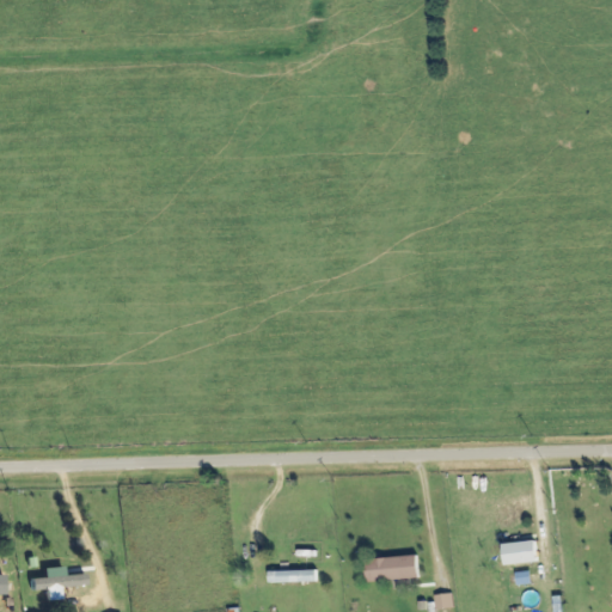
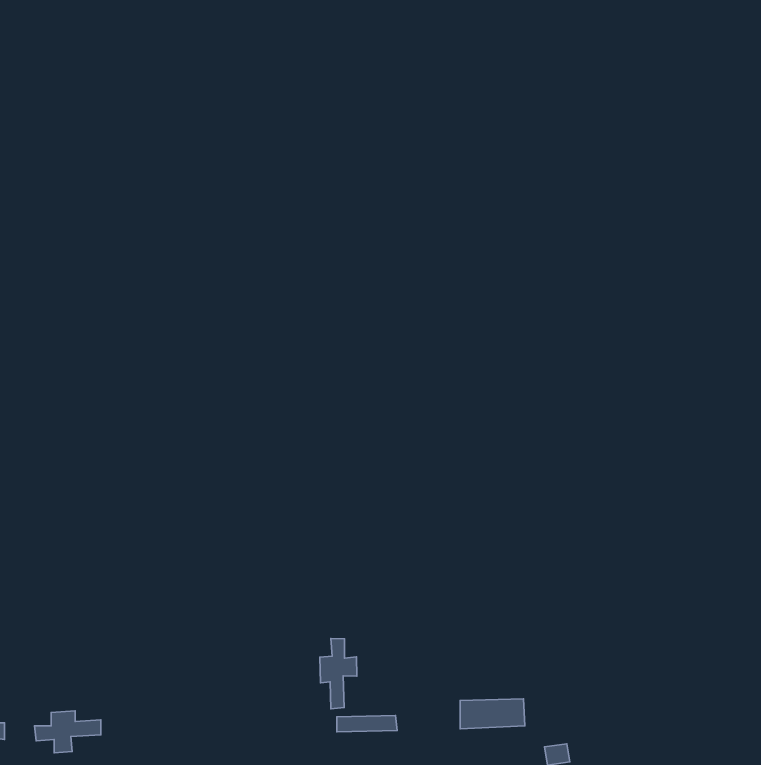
building: none -> [320,639,357,709]
building: [501,540,536,564] -> none

